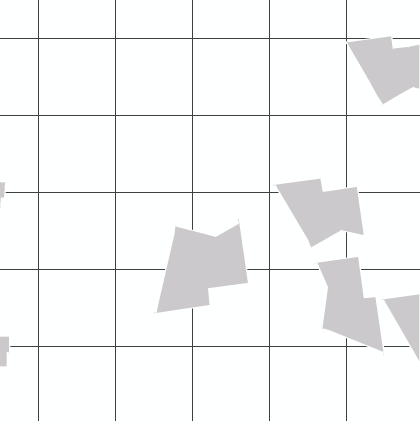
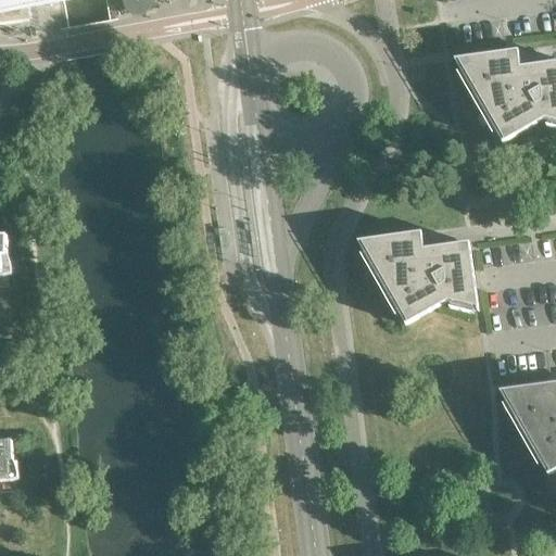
building: [153,219,248,314] -> none
building: [314,256,385,356] -> none

